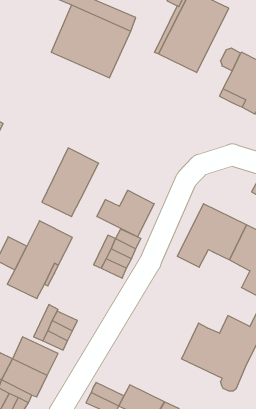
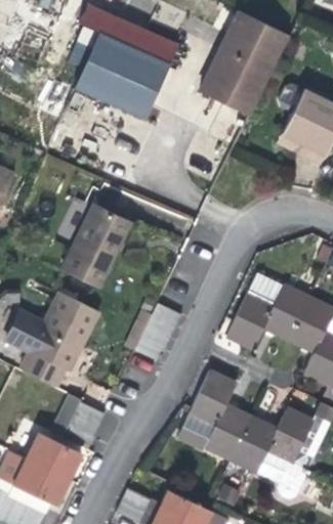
building: [97,190,154,237] -> none
building: none -> [178,369,251,458]

